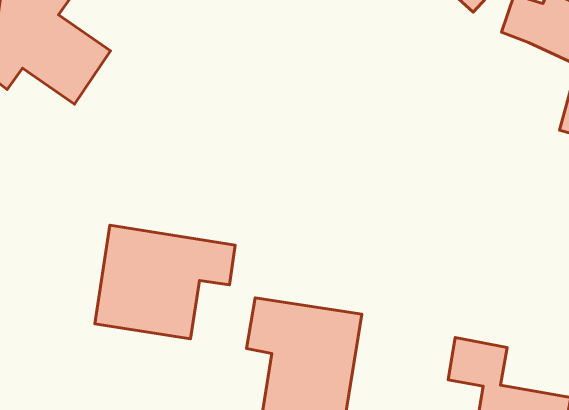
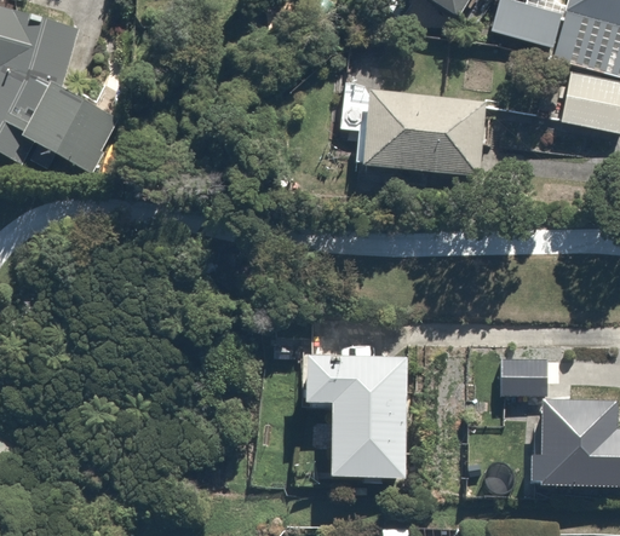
building: none -> [349,53,496,191]
building: [95,225,235,339] -> none

